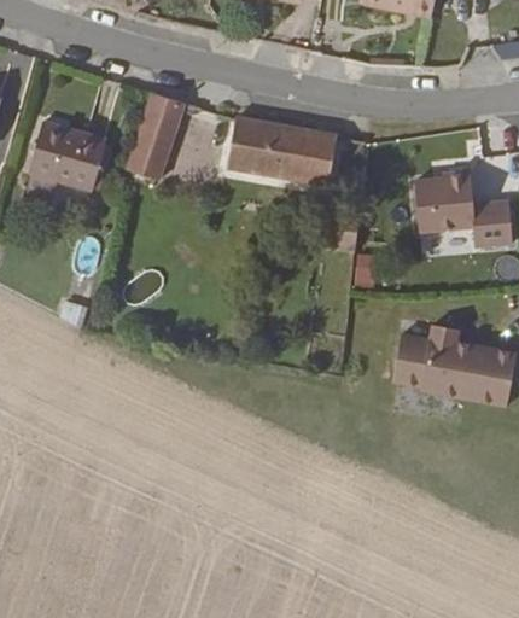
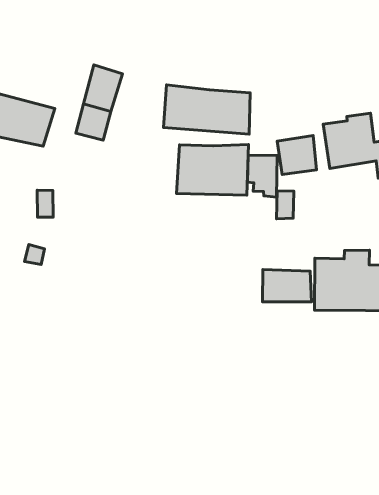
building: none -> [277,136,316,175]
building: none -> [177,145,248,195]
building: none -> [263,269,311,302]

